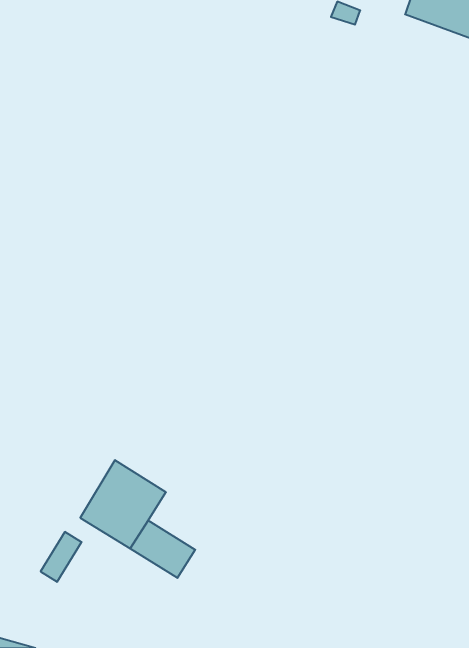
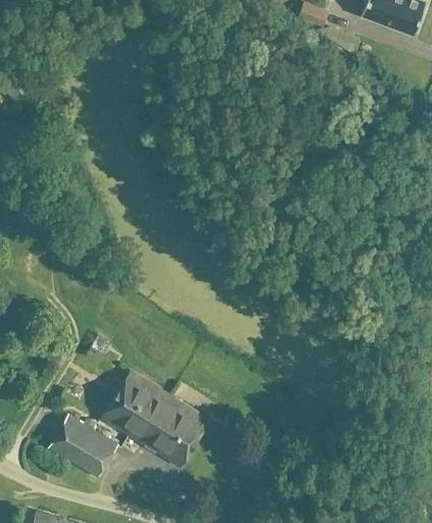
building: none -> [155,395,206,441]
building: none -> [46,413,89,459]
building: none -> [83,435,116,475]

